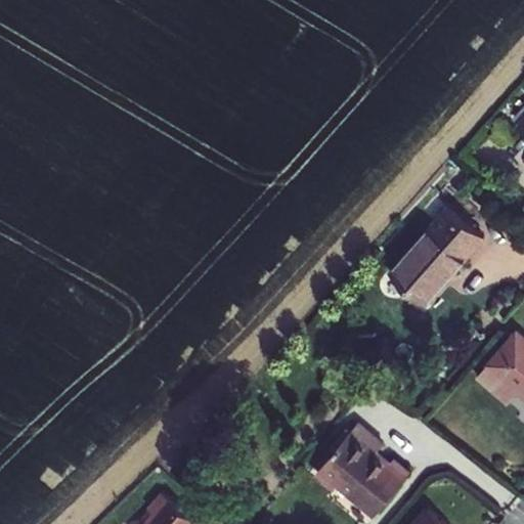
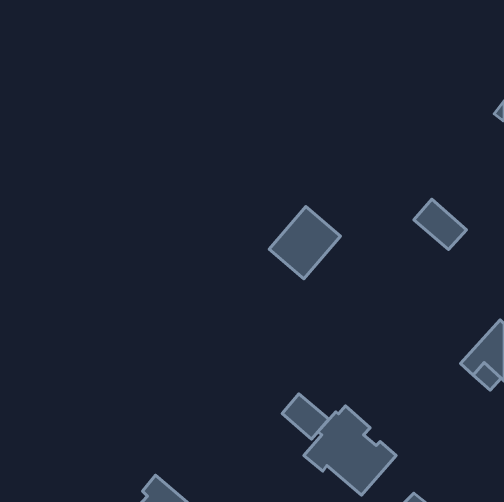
building: [390,231,464,306] -> [269,206,341,279]
building: none -> [282,394,329,439]

